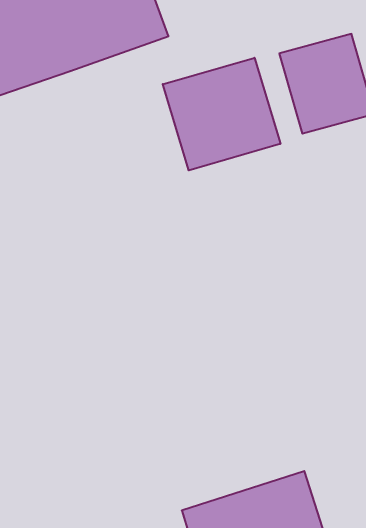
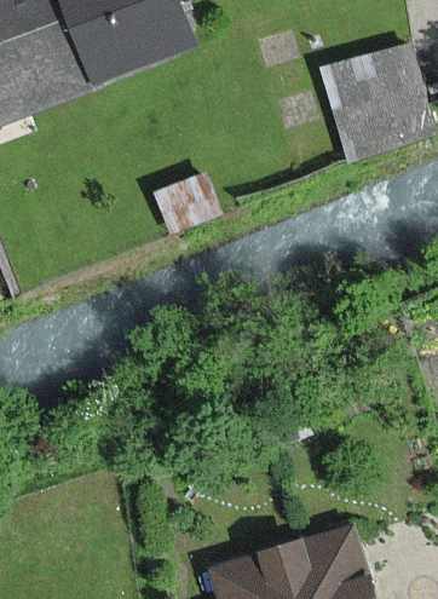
building: [163,58,280,170] -> none

